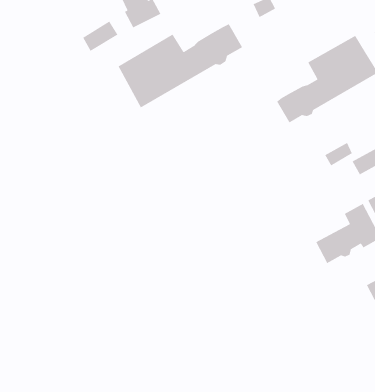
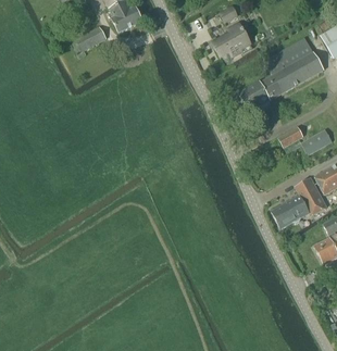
building: none -> [213,22,252,57]
building: [118,23,243,109] -> none

